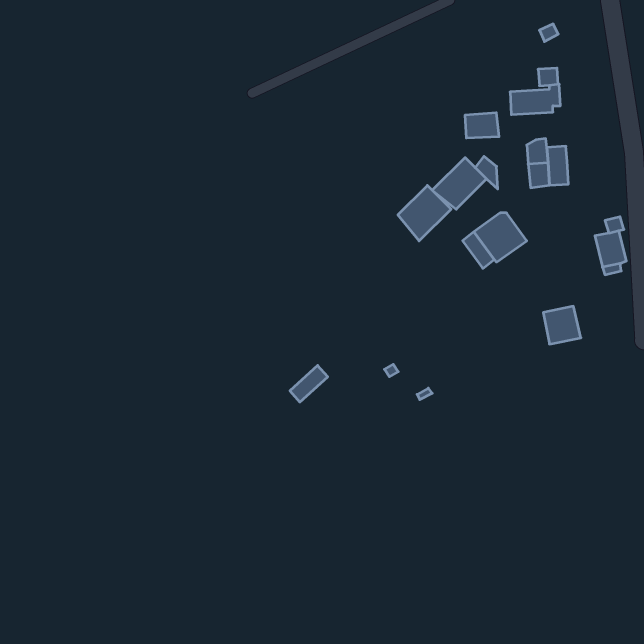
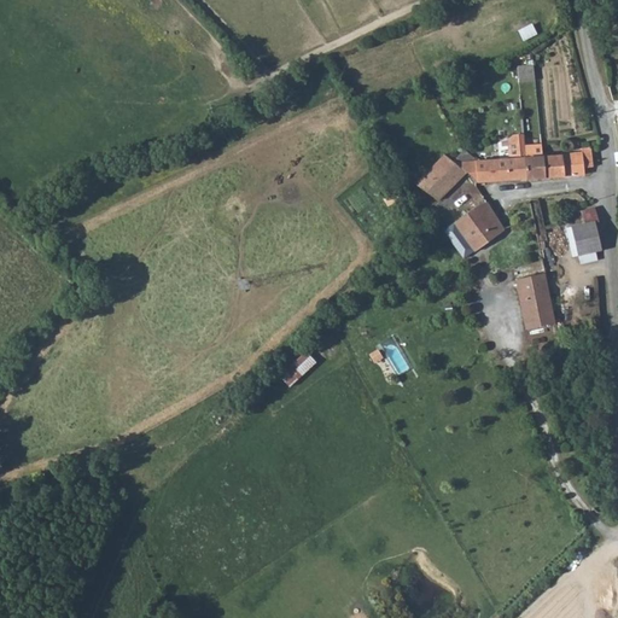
building: [510,84,560,115] -> [543,147,591,176]
building: [465,113,499,138] -> [476,157,508,181]
building: [398,185,451,241] -> none
building: none -> [515,274,549,299]

